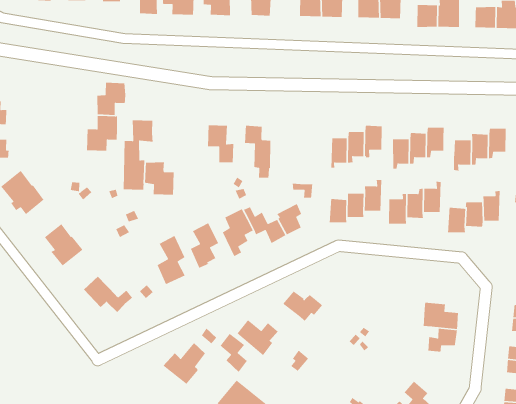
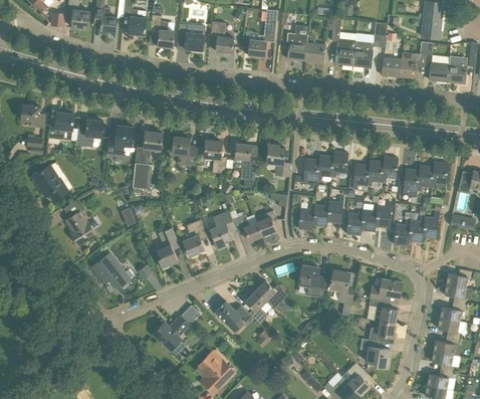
building: [96,82,126,116] -> [77,119,102,147]
building: none -> [48,112,73,139]
building: none -> [266,145,290,177]
building: [144,162,174,195] -> [172,137,197,166]
building: none -> [298,264,325,297]
building: none -> [329,269,354,316]
building: none -> [369,278,402,302]
building: [219,333,248,373] -> [245,290,267,324]
building: none -> [359,338,390,368]

